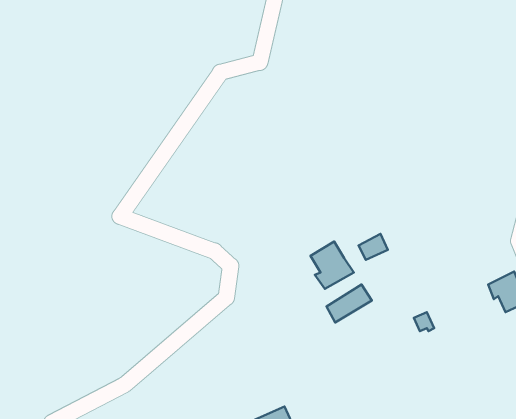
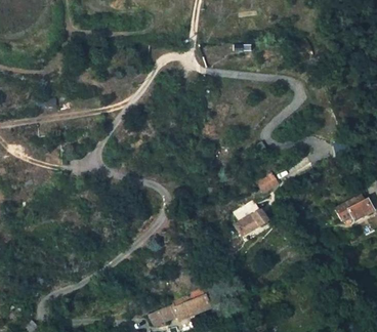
building: [310,242,354,289] -> none

